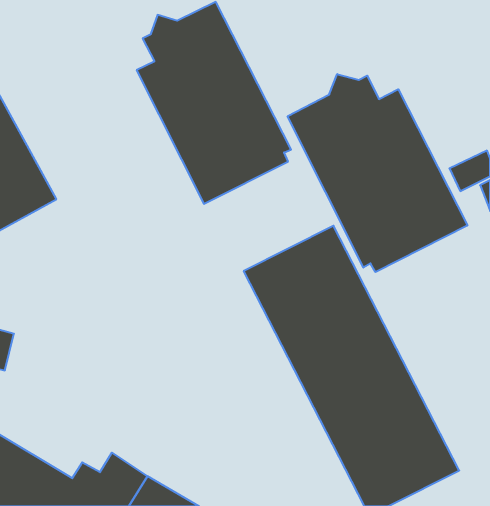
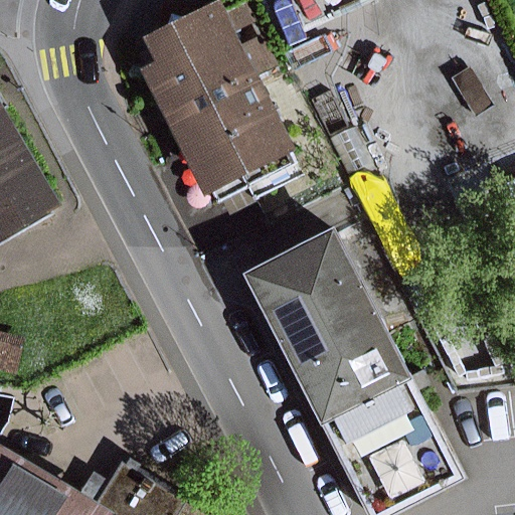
building: [288,74,467,272] -> none

